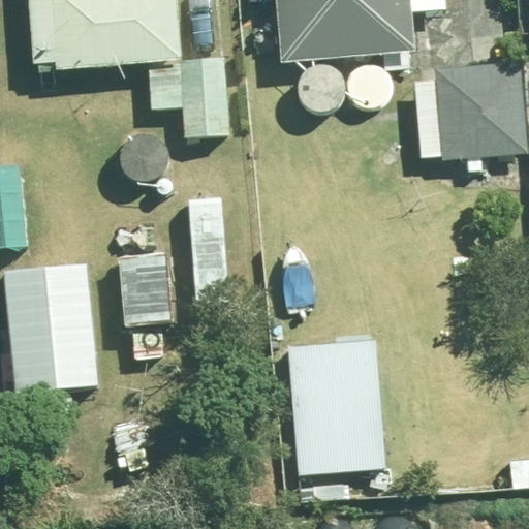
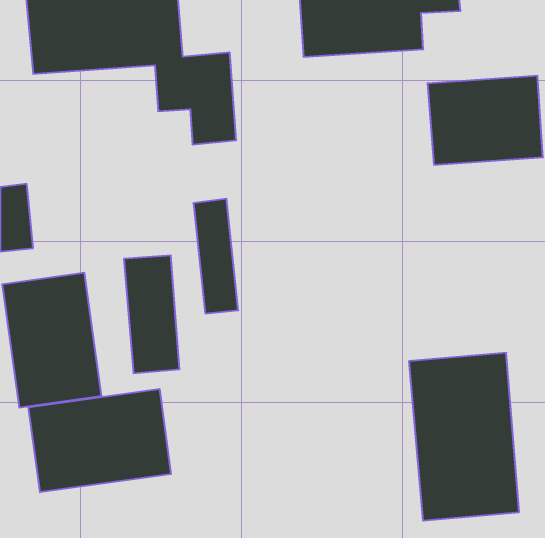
building: [280,338,386,500] -> [409,353,519,521]
building: none -> [29,389,171,492]

